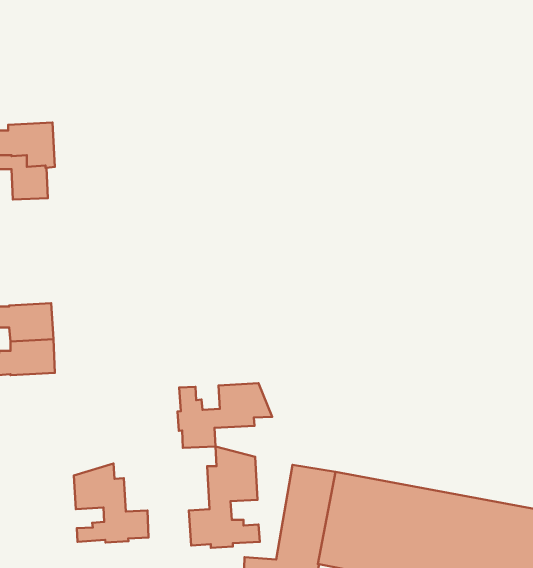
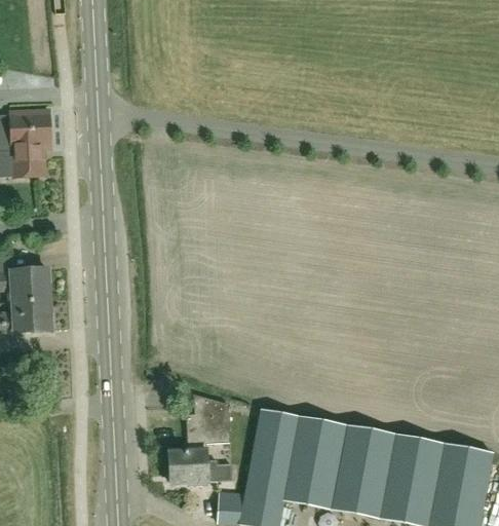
building: [178,383,272,448] -> none
building: [74,464,149,543] -> none

